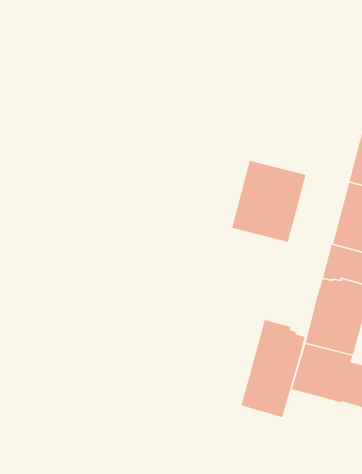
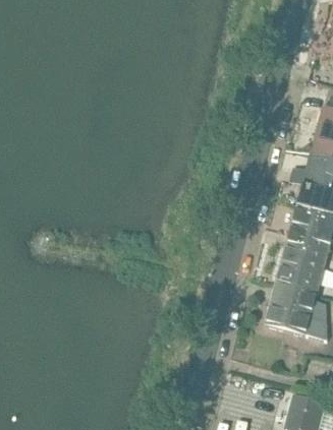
building: [231,160,306,243] -> none
building: [240,319,305,418] -> none

